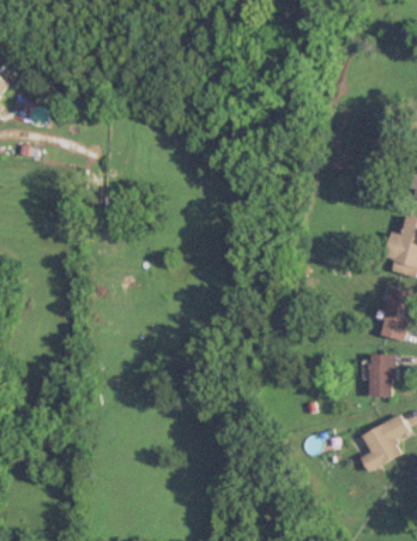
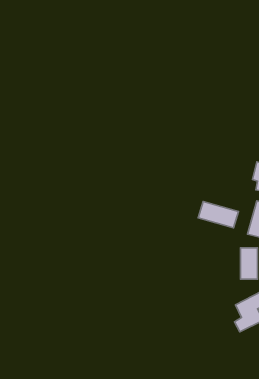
building: none -> [198,201,239,228]

